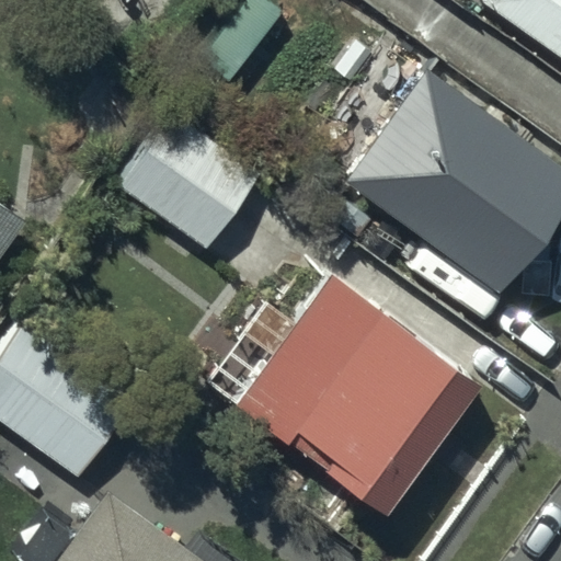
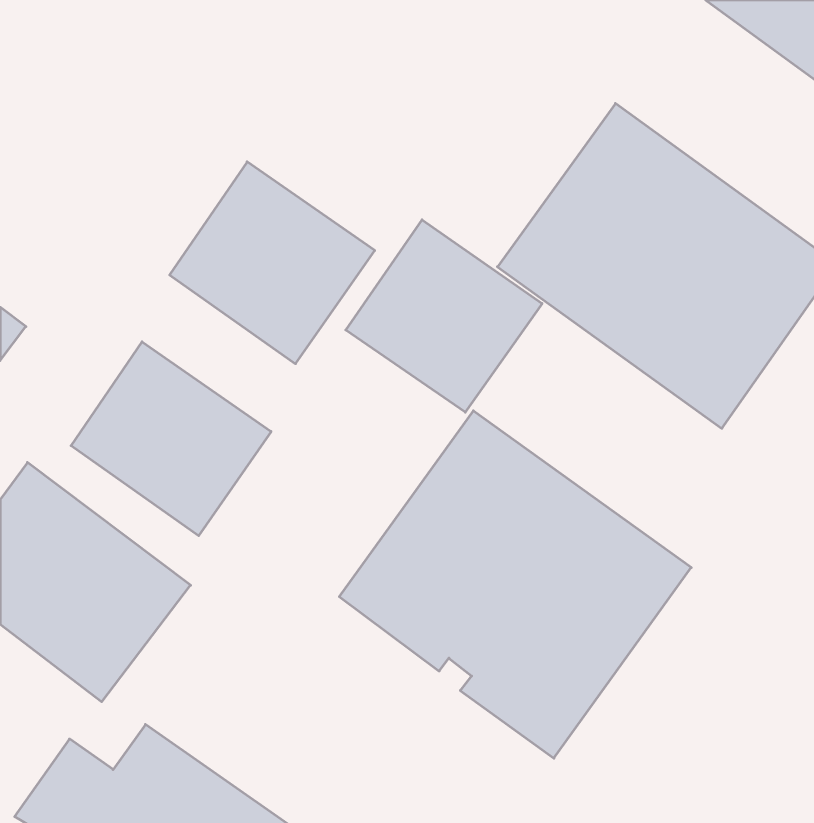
building: none -> [346,220,542,412]
building: none -> [71,342,271,536]

